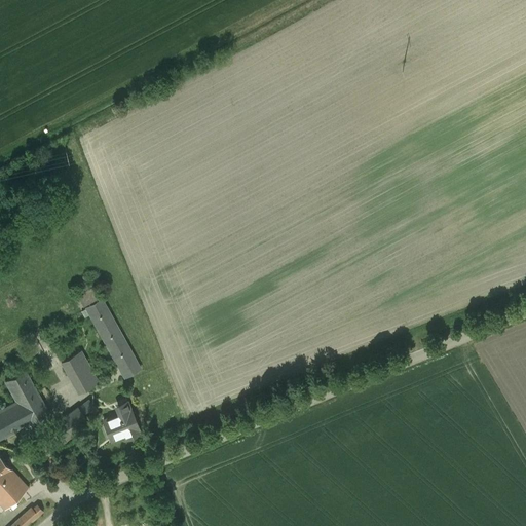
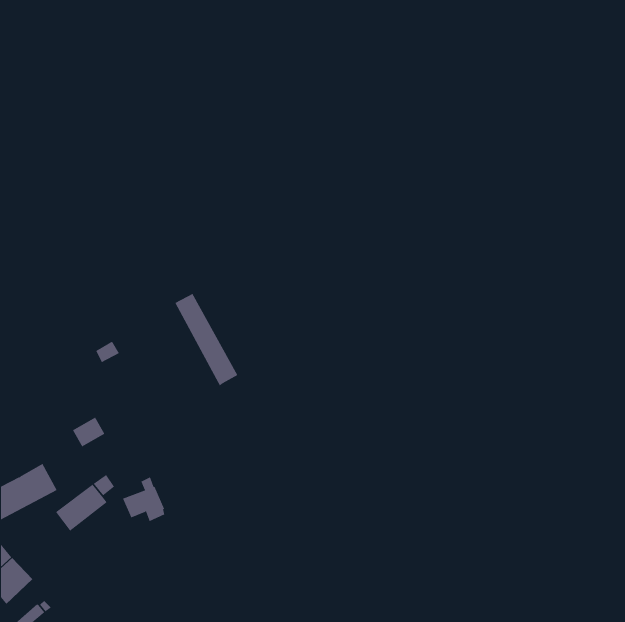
building: [86,301,140,379] -> [174,293,238,386]
building: [69,367,98,393] -> none
building: [5,372,36,403] -> none

